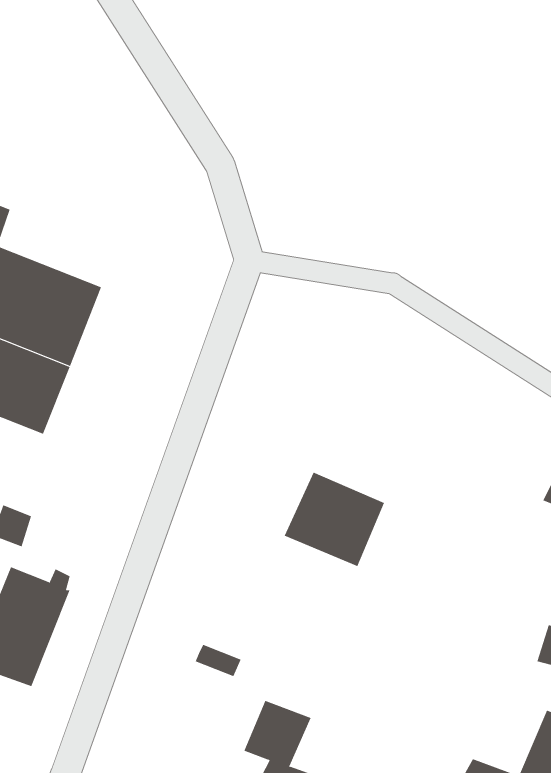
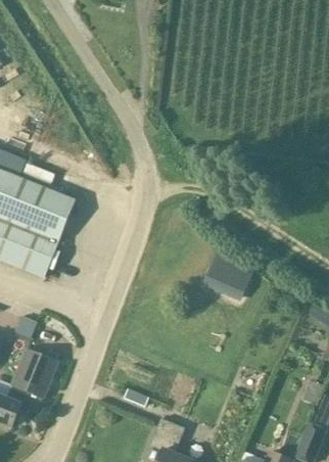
building: [284,472,385,567] -> [202,248,255,298]

